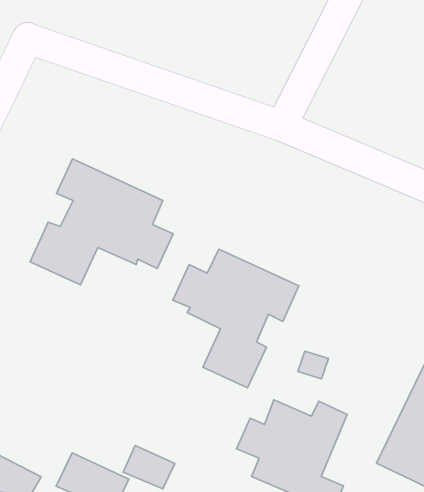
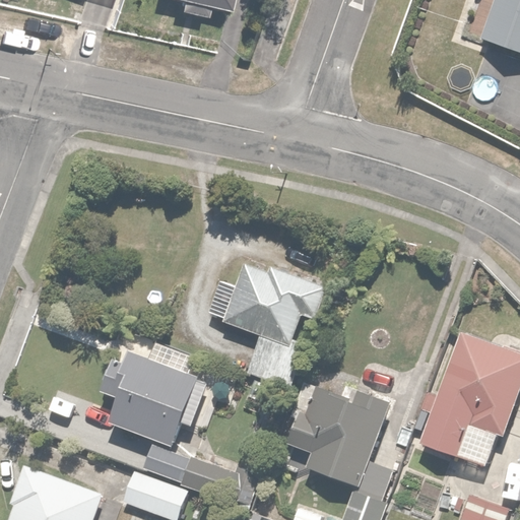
building: [30,159,173,285] -> none
building: none -> [99,352,197,447]

